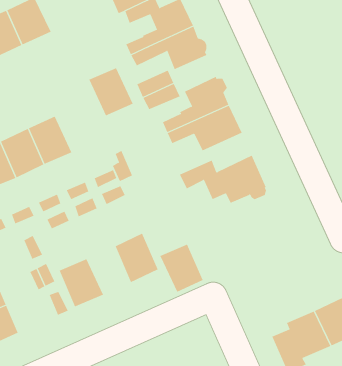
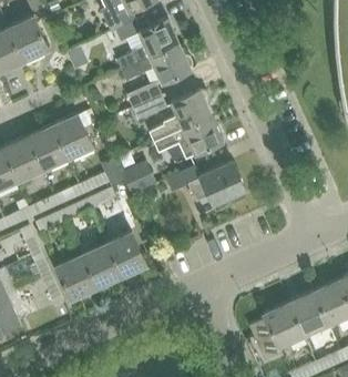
building: [88,67,133,116] -> [53,115,94,160]
building: none -> [122,164,155,195]
building: [160,244,203,292] -> [82,245,122,289]

